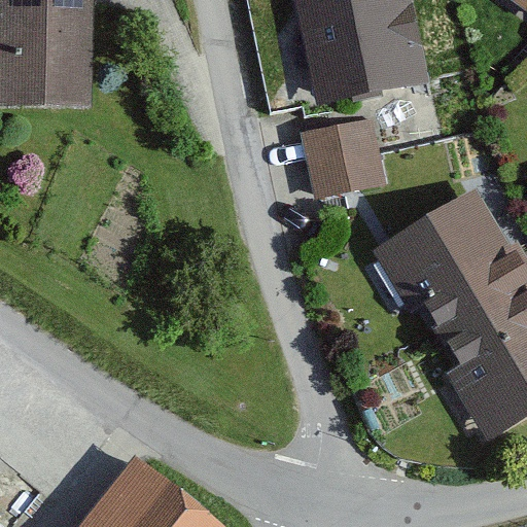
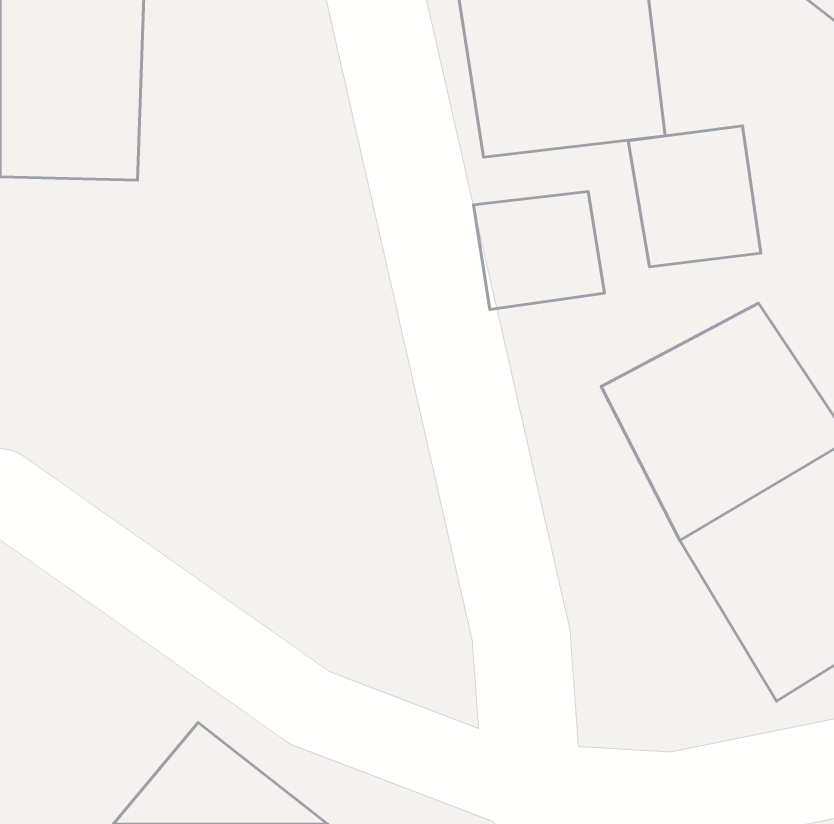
building: none -> [628,126,761,267]

